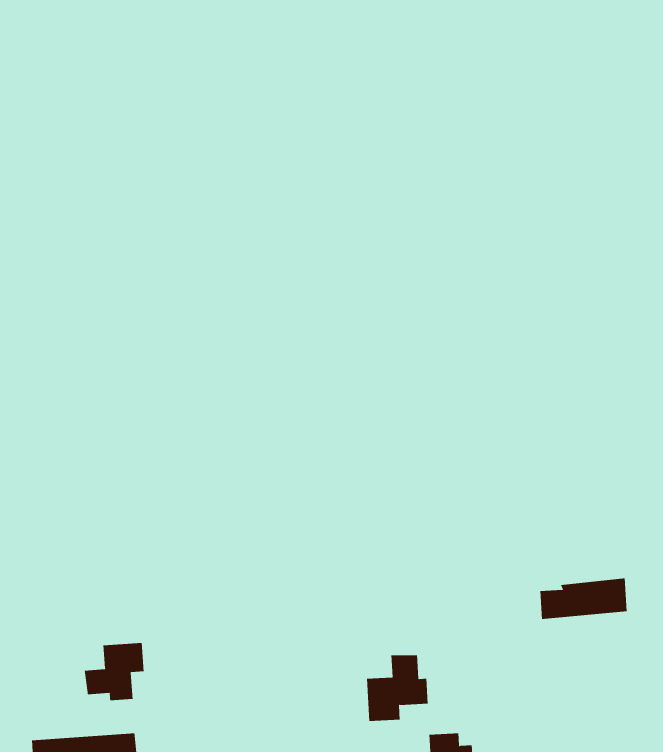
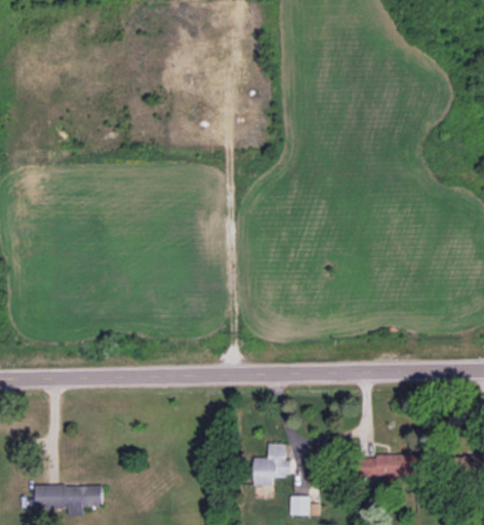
building: [540,578,627,619] -> [360,454,415,478]
building: [84,642,144,701] -> none

